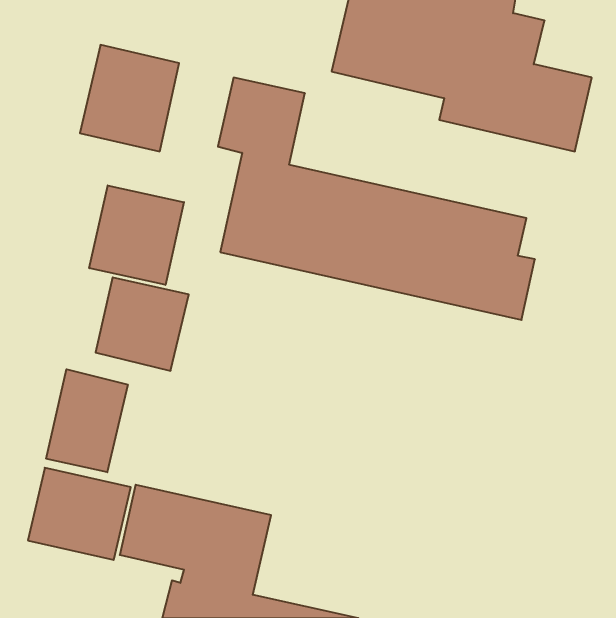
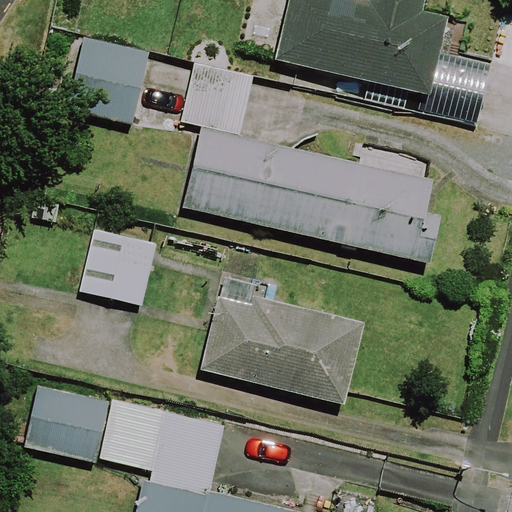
building: [89,185,184,285] -> none
building: none -> [200,295,365,405]
building: [46,369,128,472] -> none

